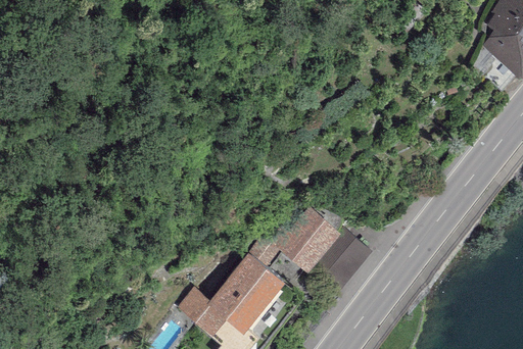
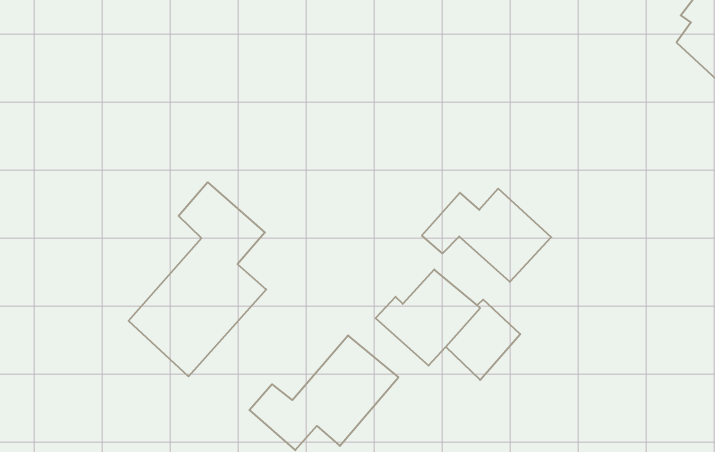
building: none -> [129,182,266,376]
building: none -> [422,189,551,282]

